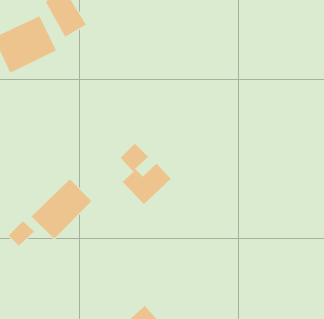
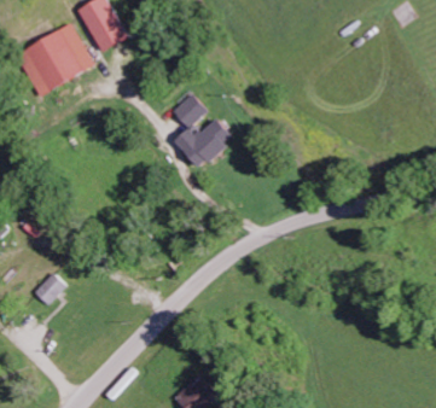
building: [120,143,172,205] -> [172,93,234,168]
building: [31,178,92,240] -> none

